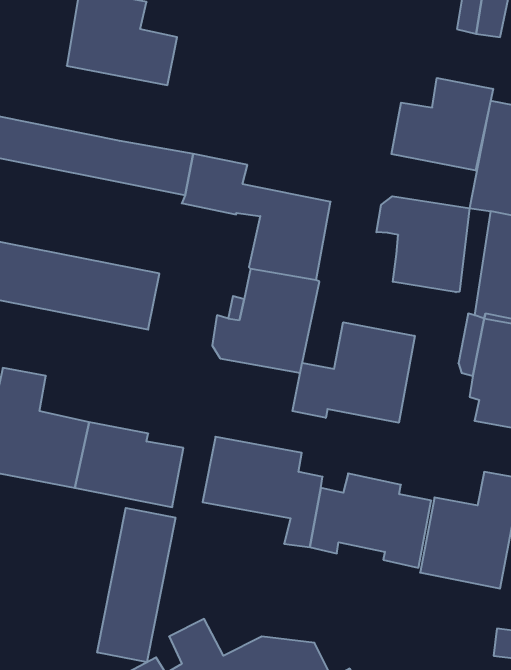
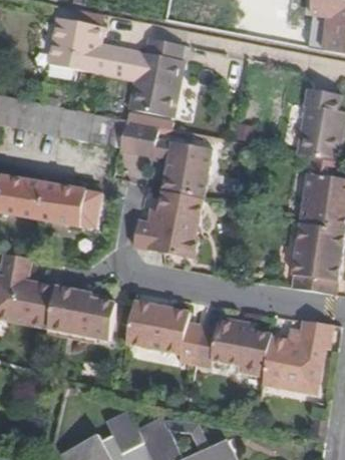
building: none -> [106,35,171,113]
building: [391,78,493,170] -> none
building: [376,196,470,292] -> none
building: [292,322,415,423] -> none
building: [97,508,175,662] -> none

